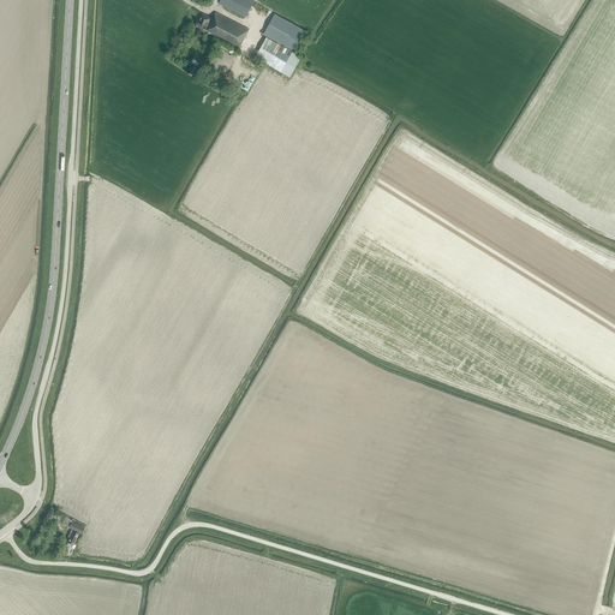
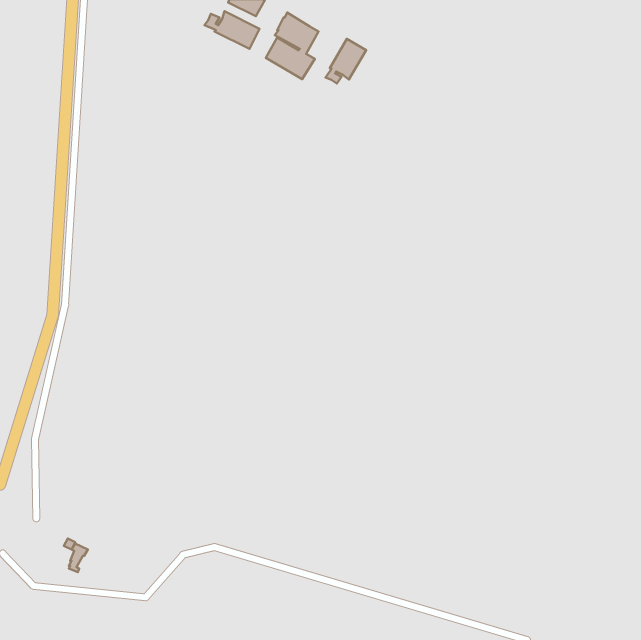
building: none -> [326,39,366,84]

